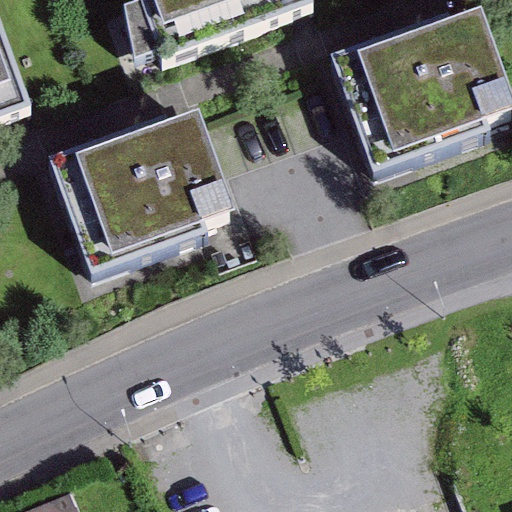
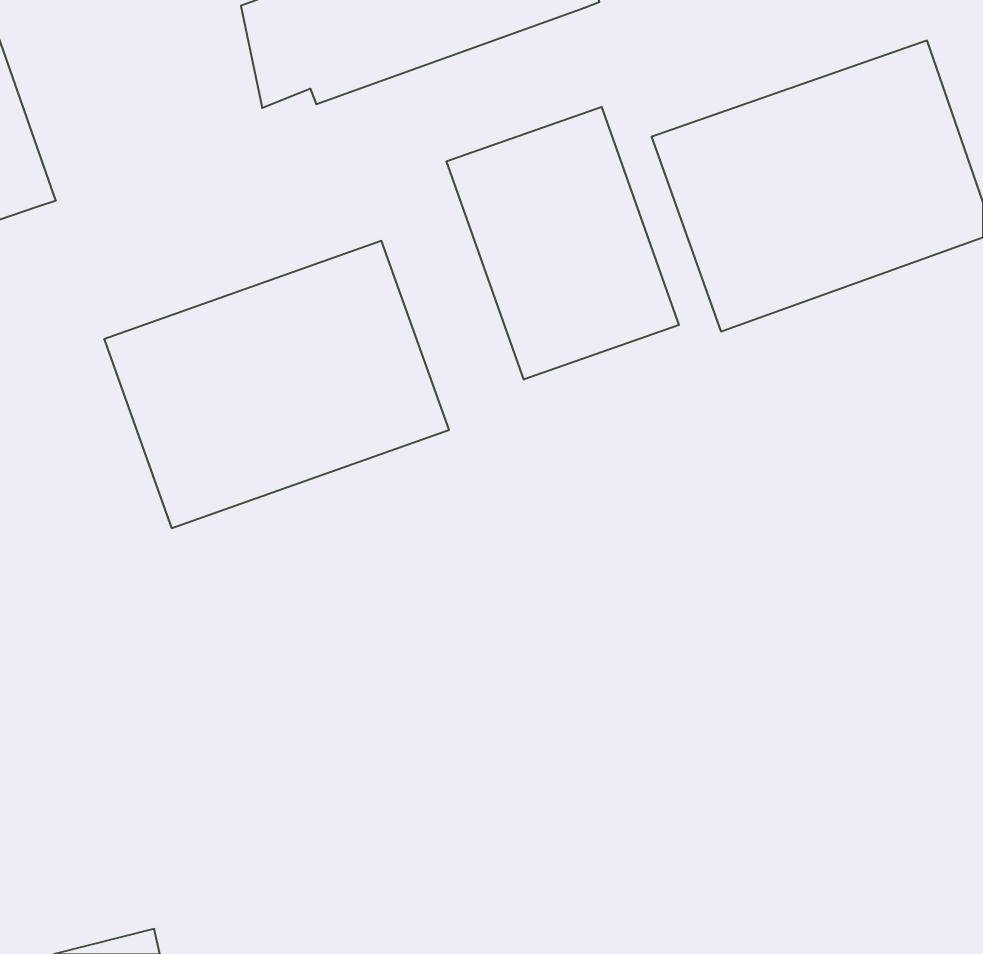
building: none -> [447,107,679,380]

